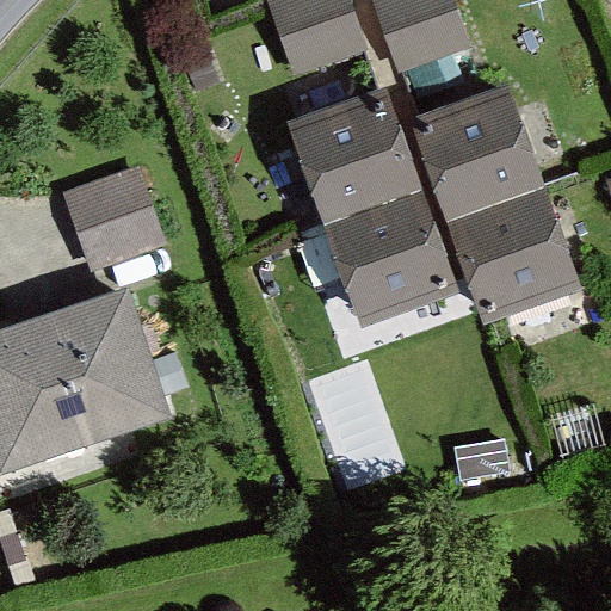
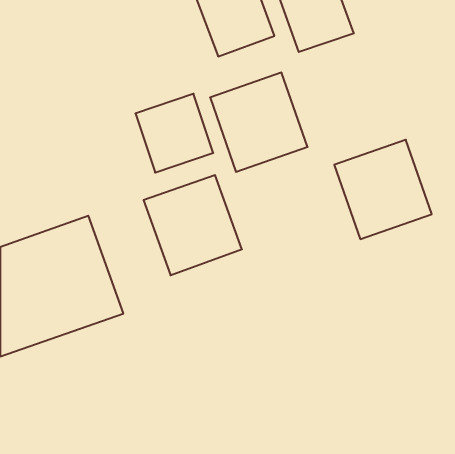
building: [413,86,544,220] -> none
building: [64,161,168,266] -> [135,94,213,173]
building: [317,196,449,329] -> [144,175,242,275]

